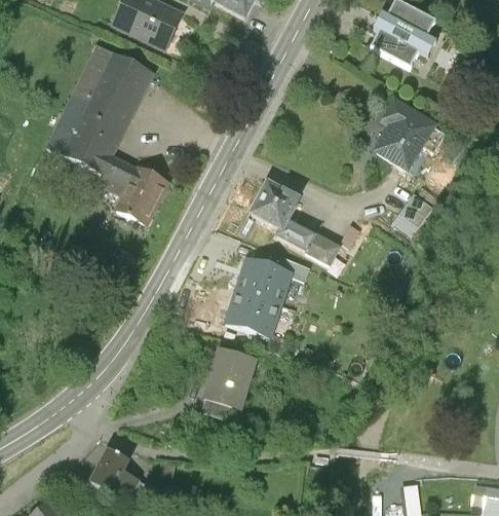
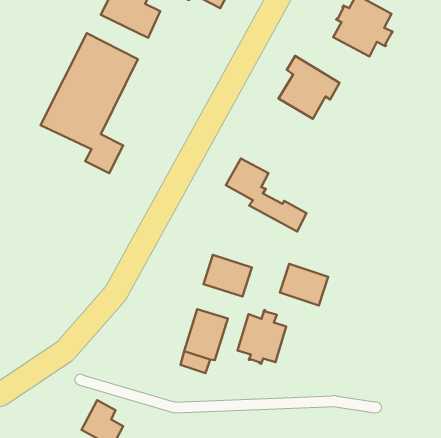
building: [377,102,445,172] -> [278,56,340,119]
building: [116,167,166,222] -> none
building: [237,256,291,302] -> [280,264,328,305]
building: none -> [237,310,286,364]

